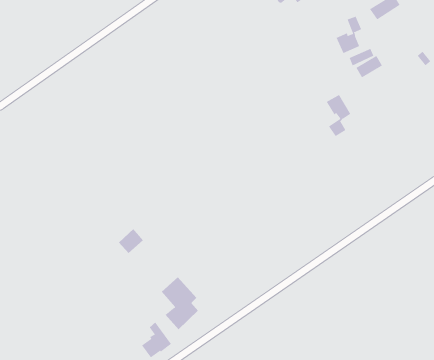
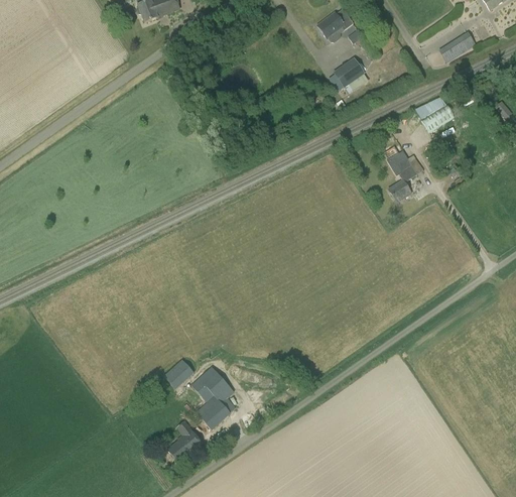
building: none -> [333,56,368,93]
building: [336,16,362,54] -> none
building: [118,228,144,254] -> [163,358,194,388]

